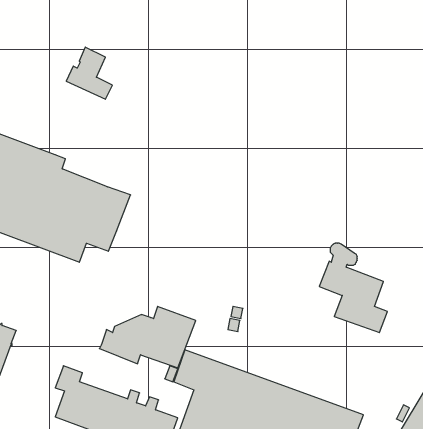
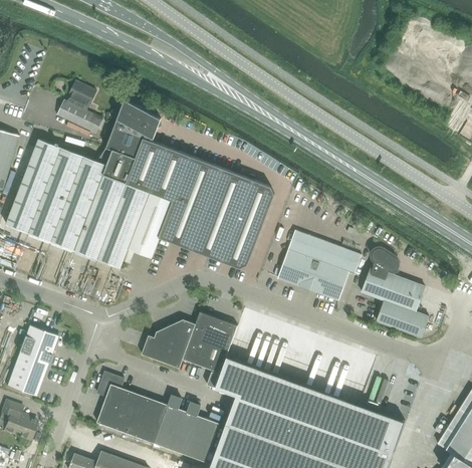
building: [66,47,112,99] -> [56,80,102,133]
building: none -> [96,98,273,268]
building: none -> [277,230,362,300]

